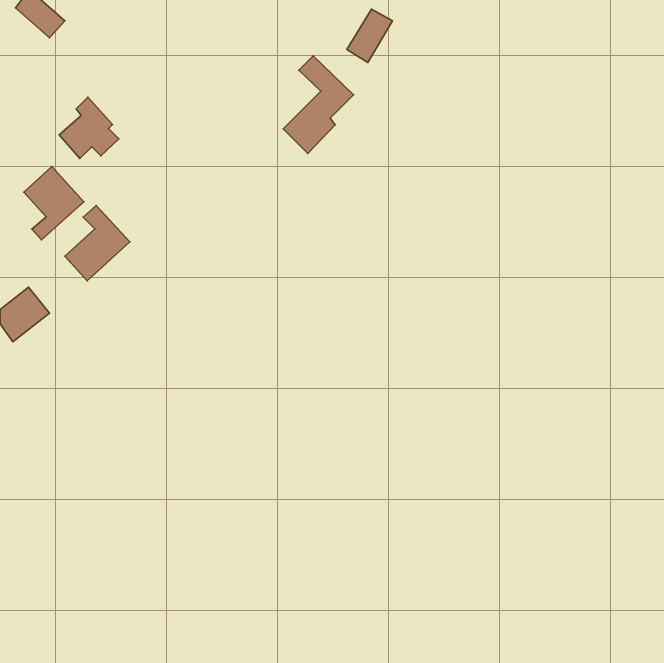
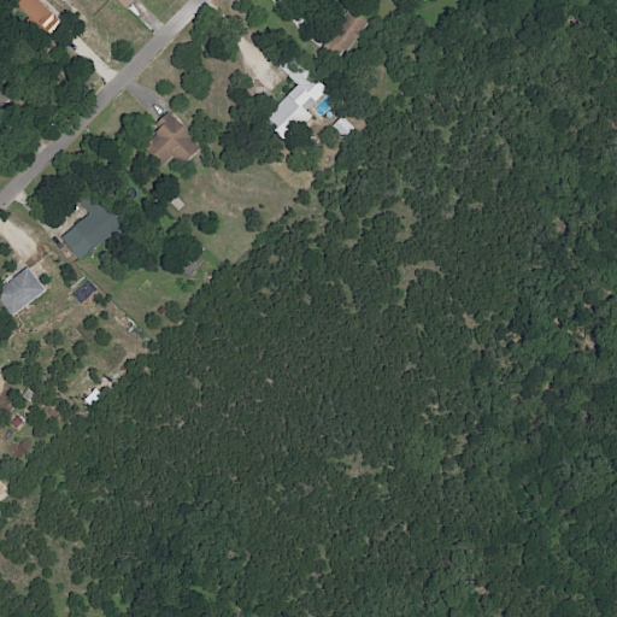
building: [59,97,119,158] -> [142,110,198,166]
building: [24,167,84,240] -> none

